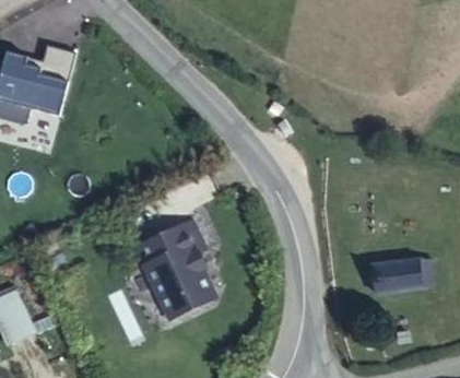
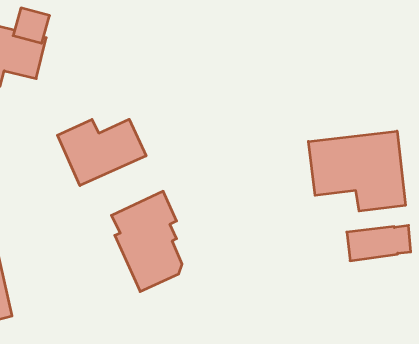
building: none -> [57,119,146,186]
building: none -> [308,131,405,211]

